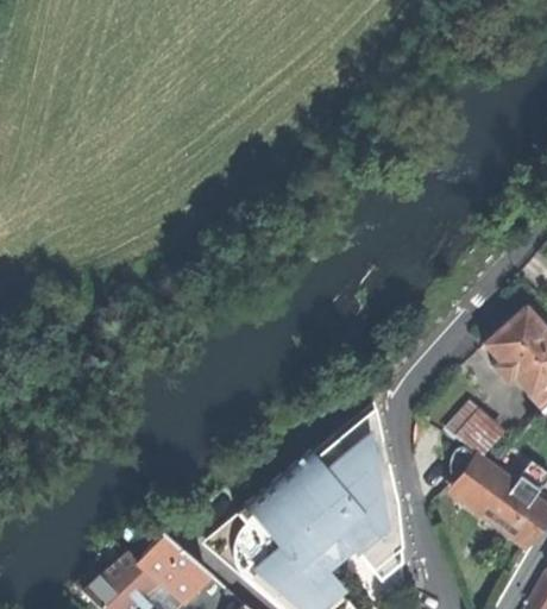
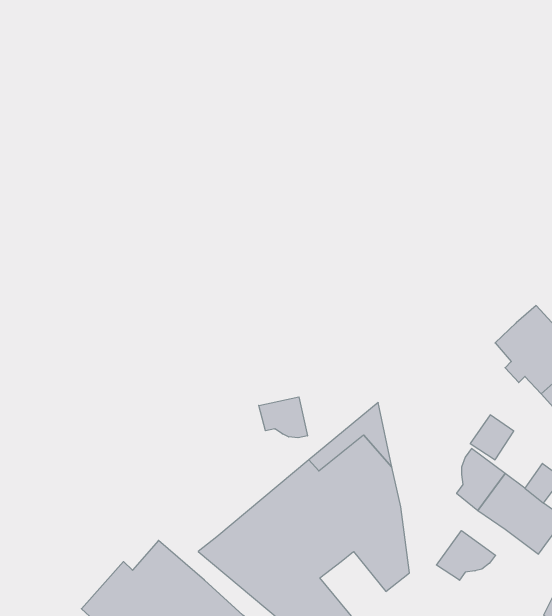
building: none -> [259,397,307,438]
building: none -> [436,531,496,580]

